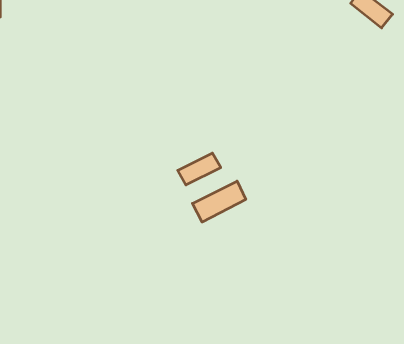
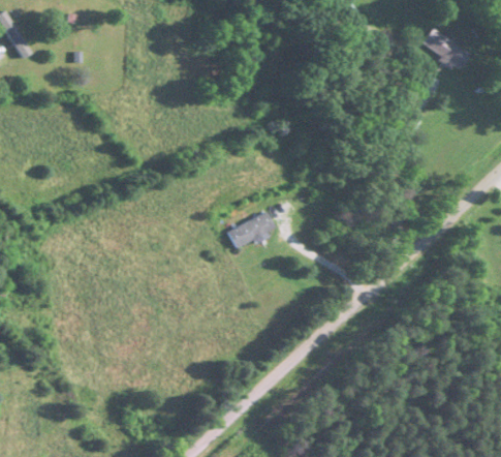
building: [192,181,246,222] -> none

